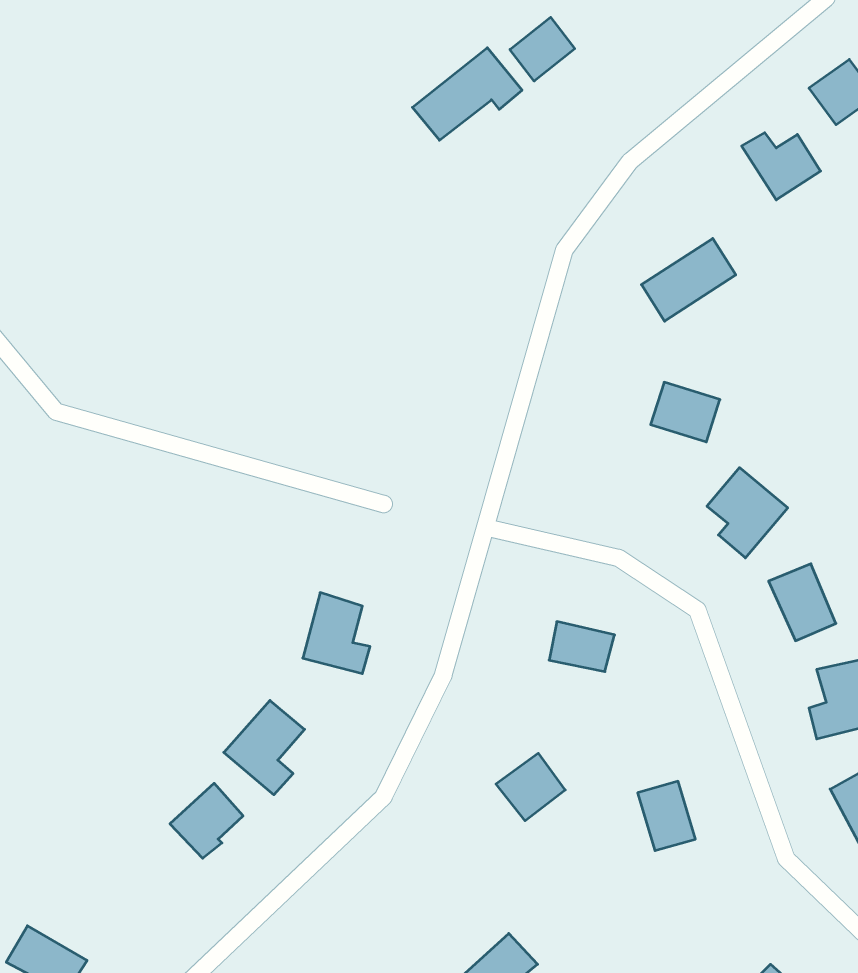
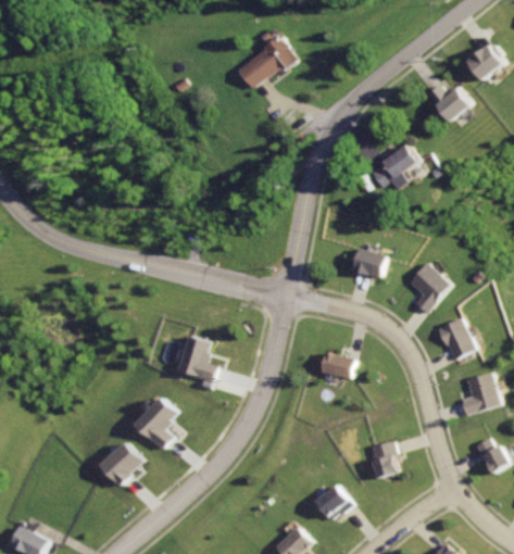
building: [510,17,575,81] -> none
building: [651,382,720,442] -> [348,247,387,280]
building: [496,753,565,821] -> [308,484,347,522]

